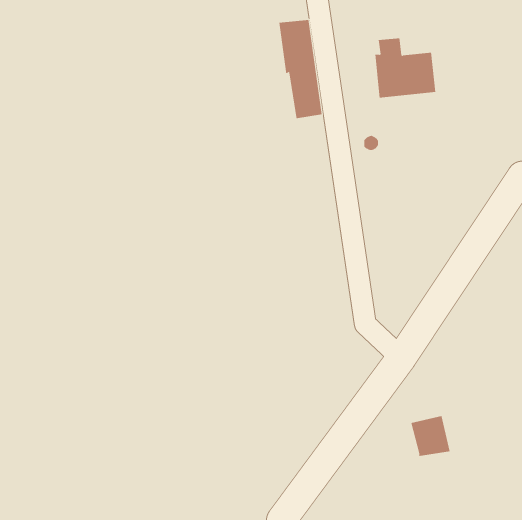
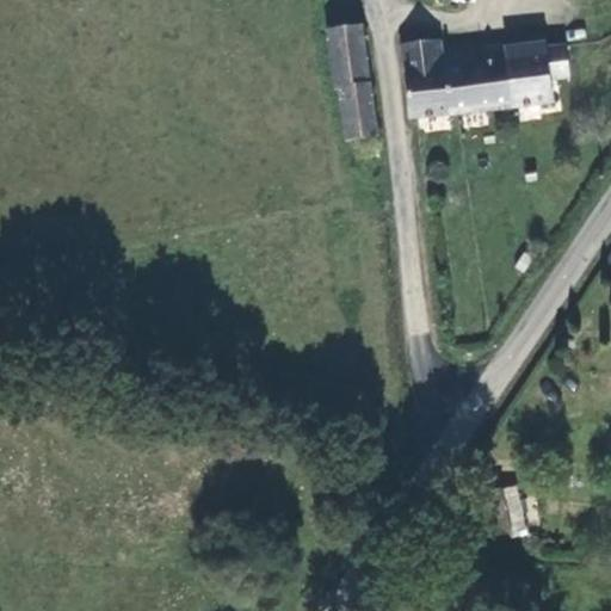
building: none -> [400,37,442,118]
building: none -> [502,43,567,107]

